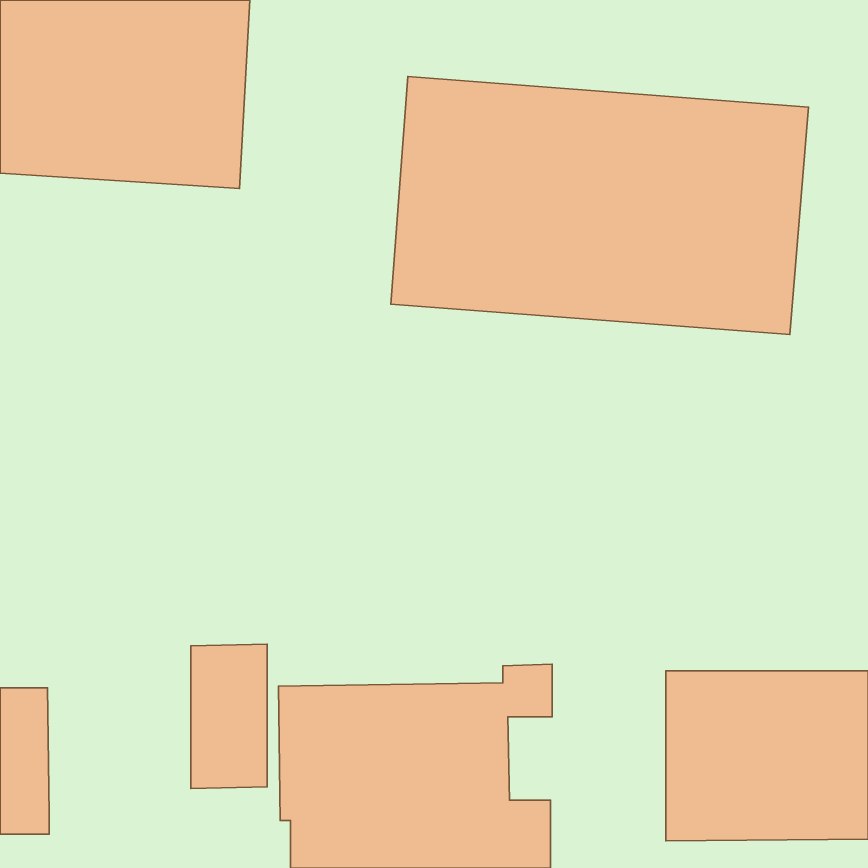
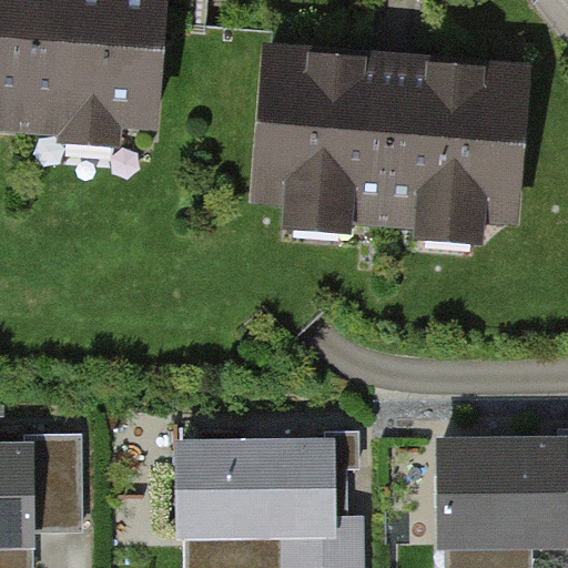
building: [191,644,267,788] -> [32,437,82,531]

